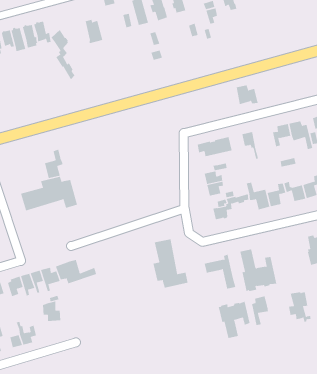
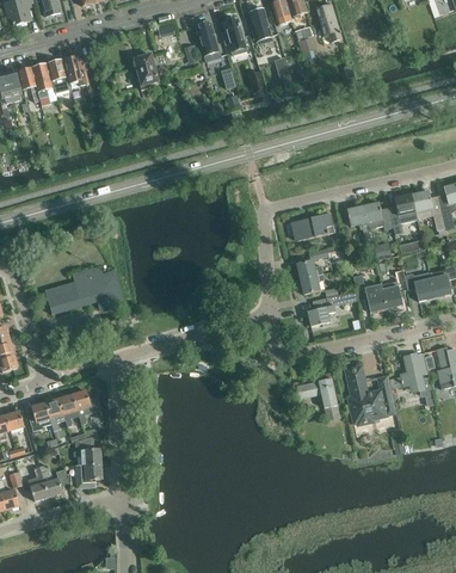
building: [51,29,75,80] -> none
building: [236,85,258,105] -> [363,202,394,229]
building: [44,149,63,179] -> none
building: [153,239,188,288] -> none
building: [55,259,97,284] -> none
building: [288,292,312,322] -> [400,353,432,395]
building: [251,295,269,326] -> none
building: [218,301,250,339] -> none
building: none -> [76,463,103,487]

